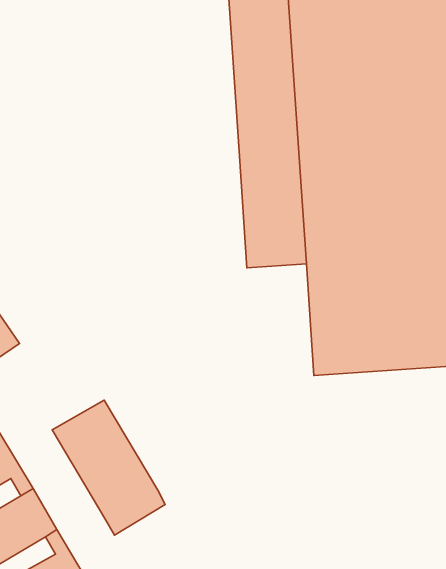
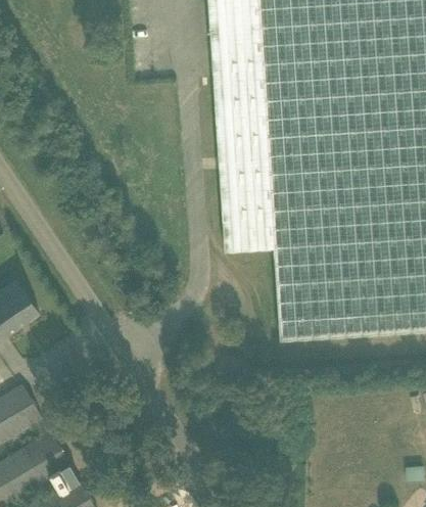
building: [52,400,165,535] -> none

